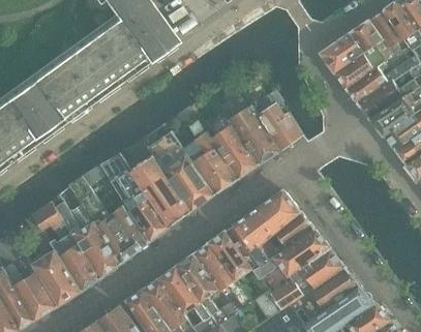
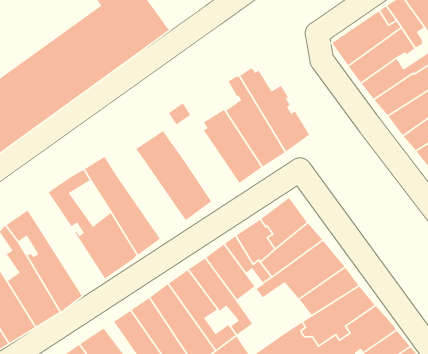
building: [190,130,239,193] -> none
building: [130,154,191,227] -> none
building: [52,194,120,277] -> none
building: [259,280,303,309] -> none

